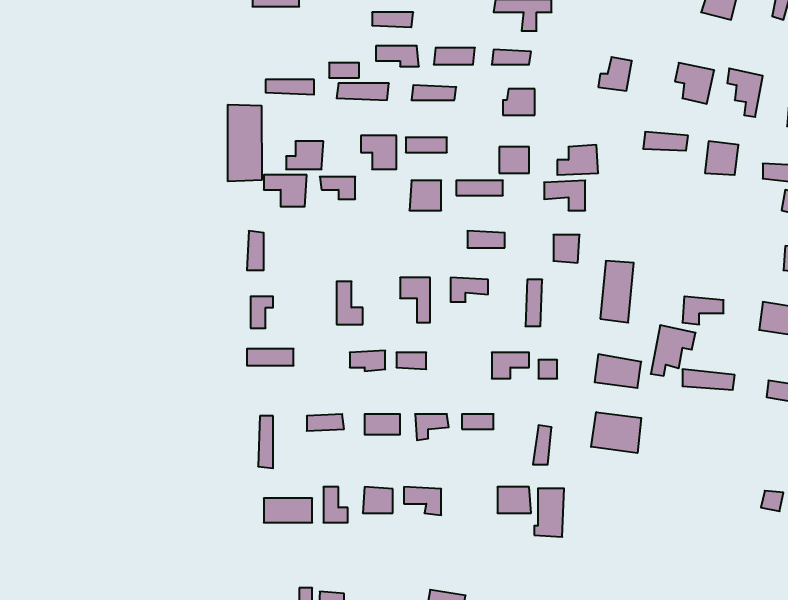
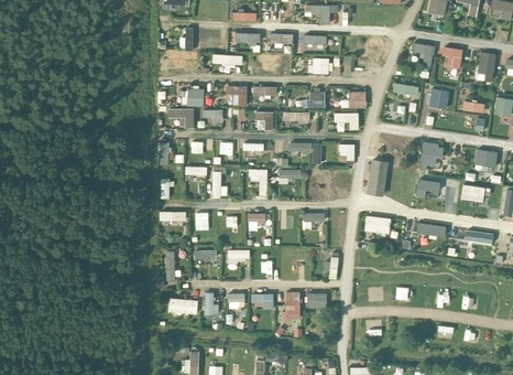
building: [228,105,262,181] -> none
building: [651,325,696,376] -> [417,141,444,171]
building: [591,412,641,453] -> none
building: [534,488,564,537] -> [282,291,299,320]

